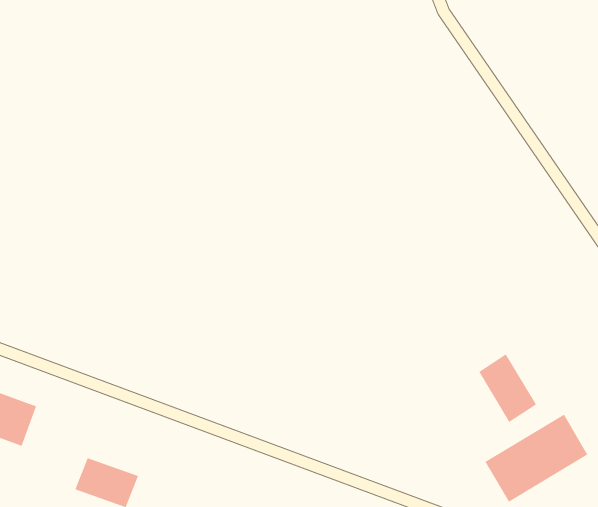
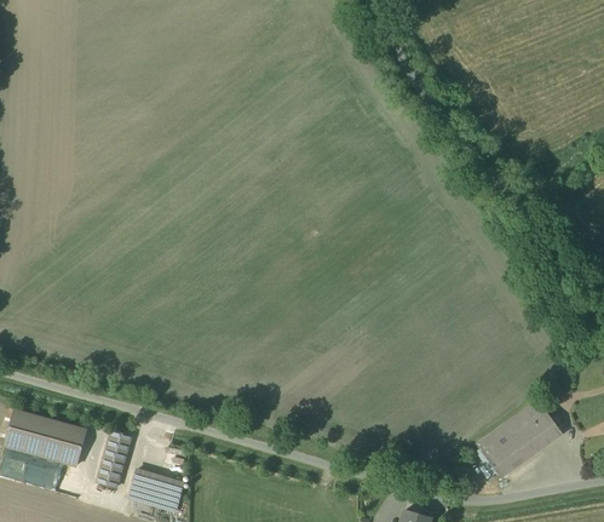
building: [478,354,537,423] -> none
building: none -> [96,430,131,487]

